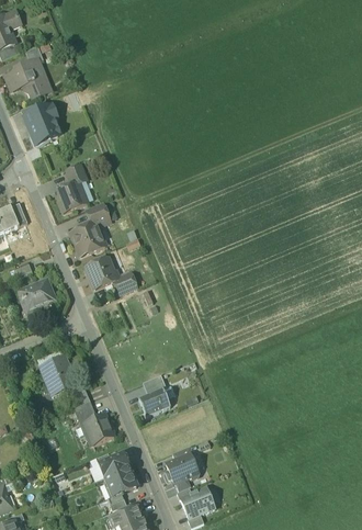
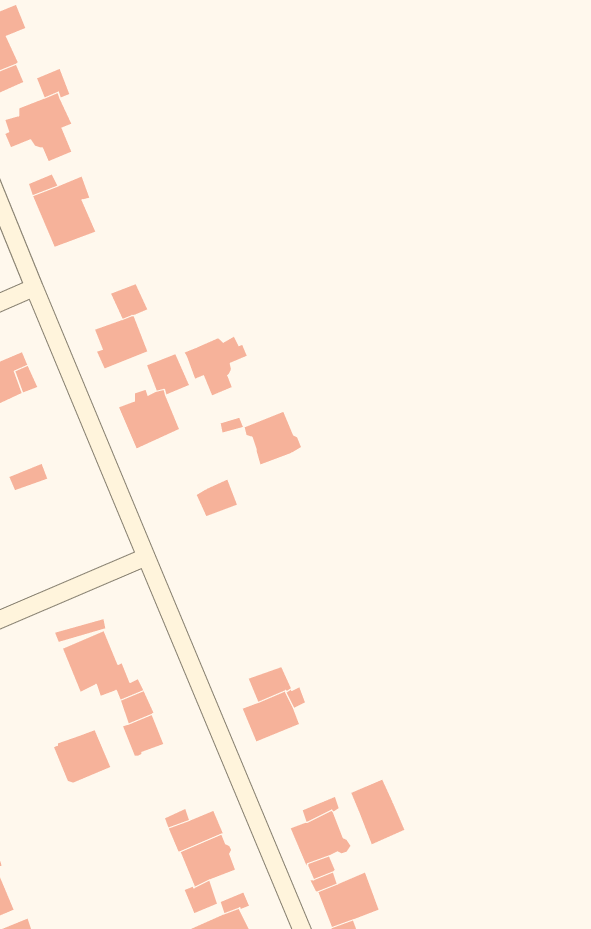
building: none -> [184,336,247,396]
building: [88,257,120,286] -> [244,411,302,465]
building: [20,277,56,312] -> none
building: [82,414,114,443] -> [53,729,111,783]
building: none -> [350,779,405,845]

